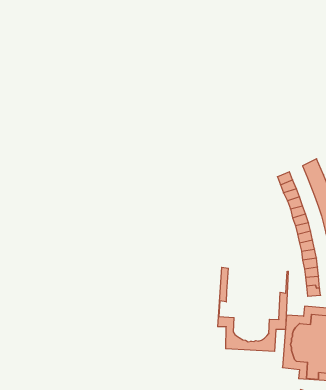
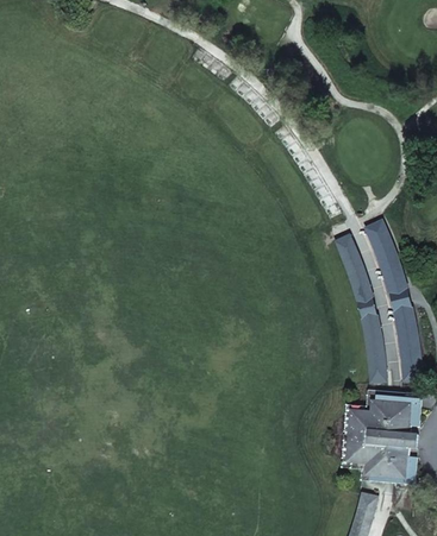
building: [218,267,288,351] -> none

